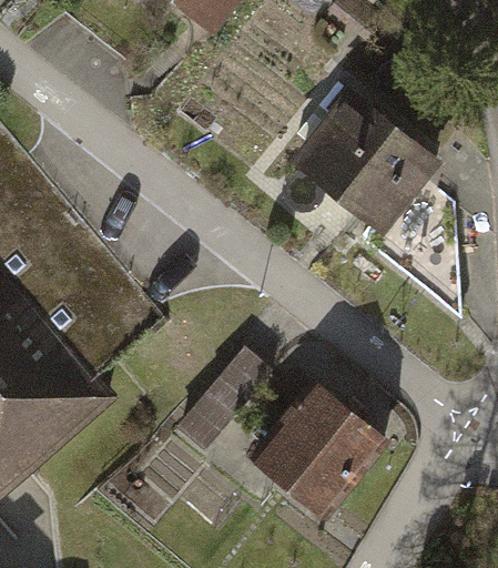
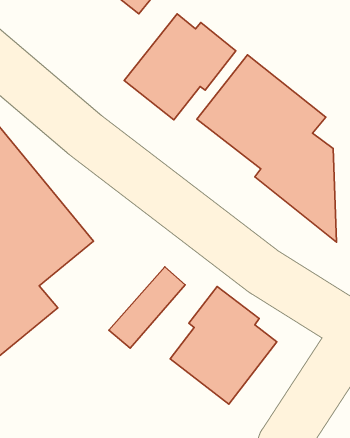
building: none -> [124,14,236,120]

